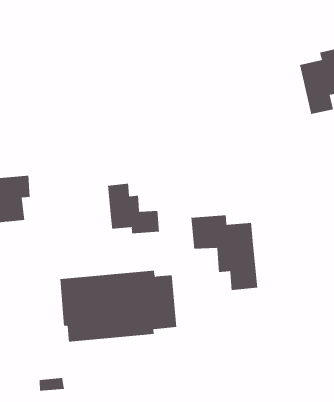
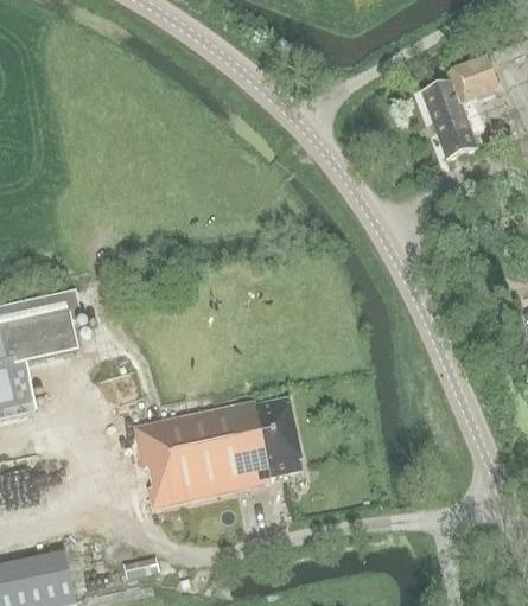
building: [108,183,160,234] -> none
building: [191,215,258,291] -> none

